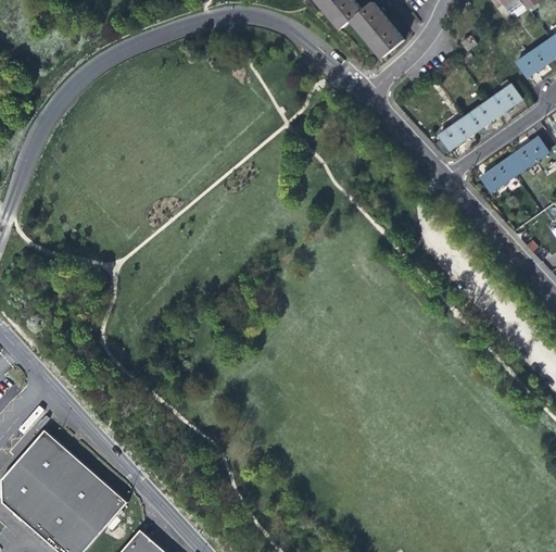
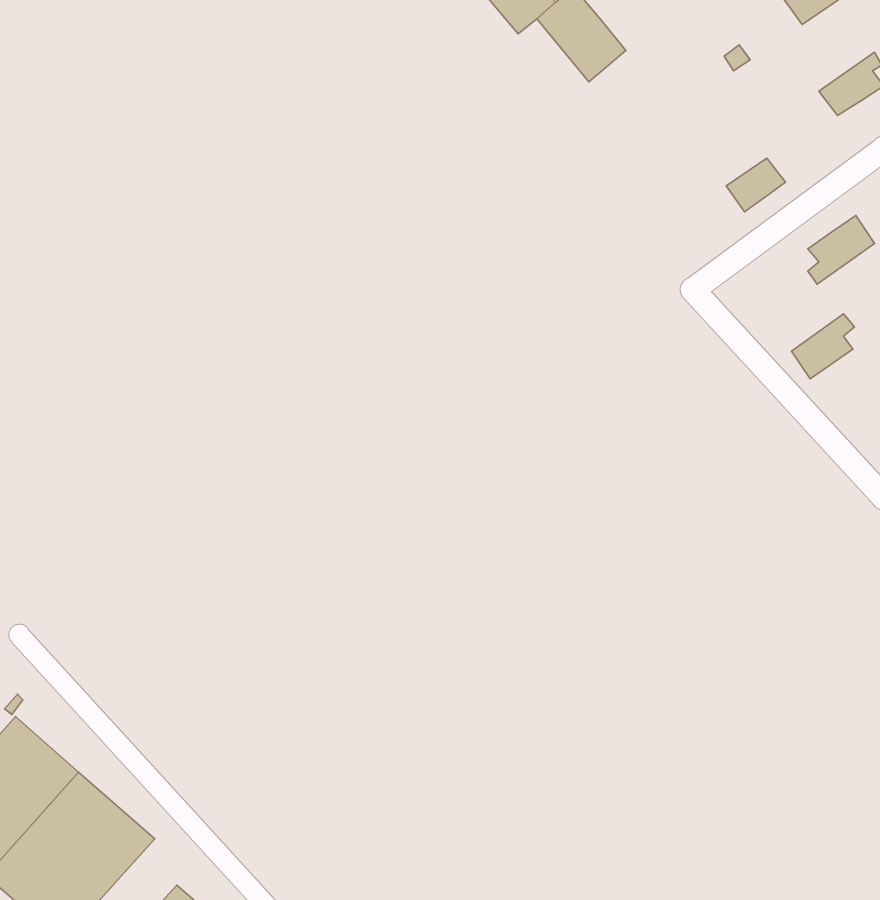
building: [484,86,519,116] -> none
building: [437,118,471,150] -> none
building: [478,155,515,193] -> [792,314,855,379]

